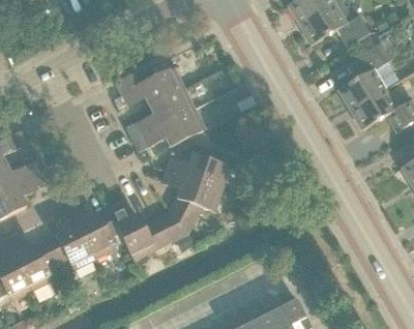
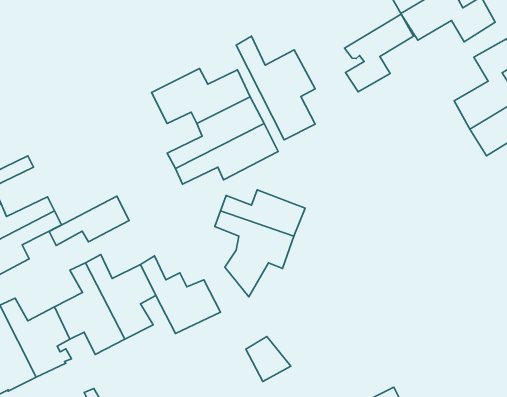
building: none -> [345,14,413,92]
building: none -> [236,36,315,140]
building: none -> [49,196,129,246]
building: [154,211,187,244] -> [246,337,291,382]

